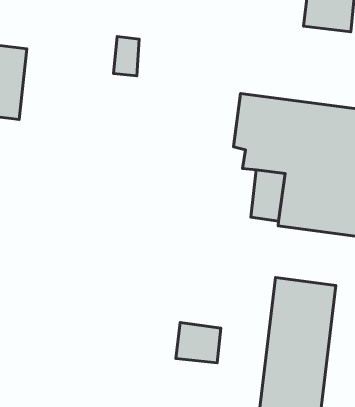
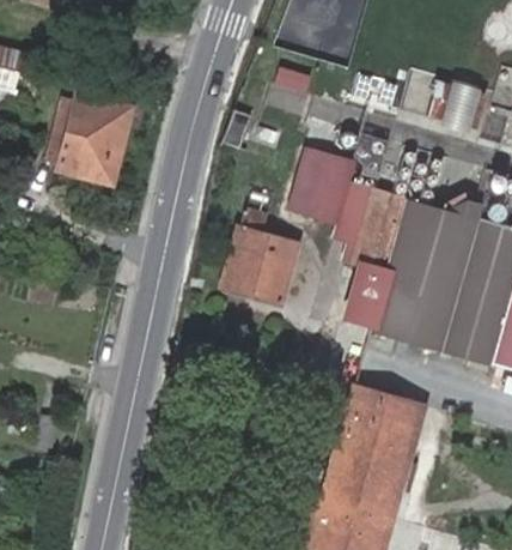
building: none -> [287,150,356,226]
building: none -> [225,200,299,303]
building: [176,323,221,363] -> none

